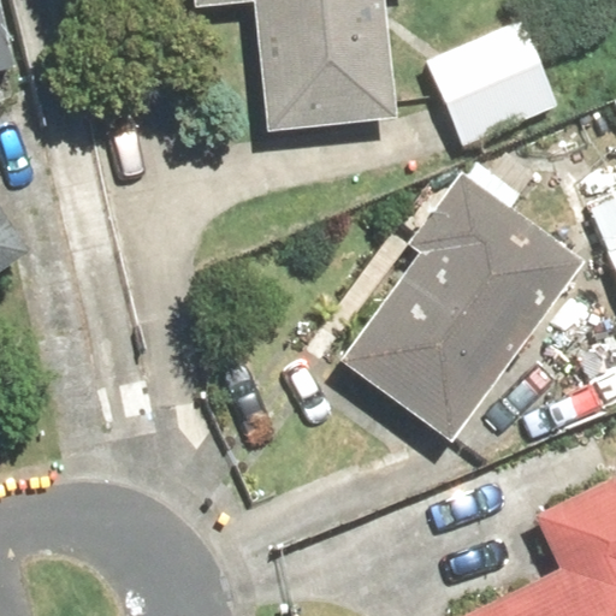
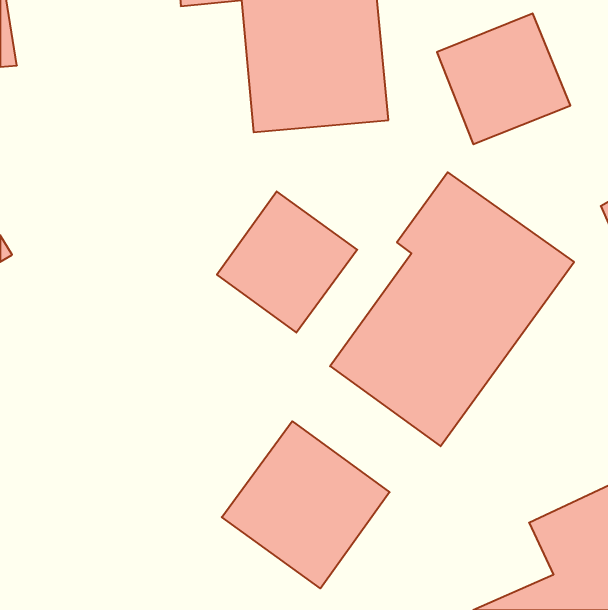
building: none -> [217,191,357,333]
building: none -> [222,421,390,588]

